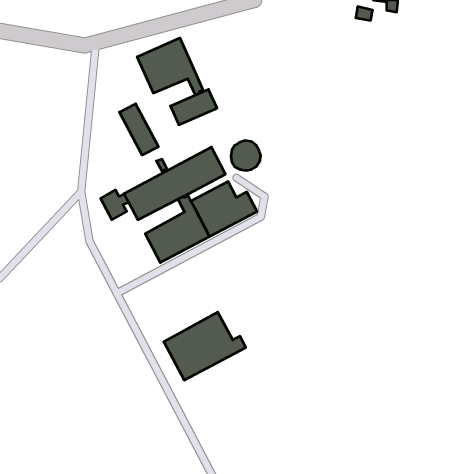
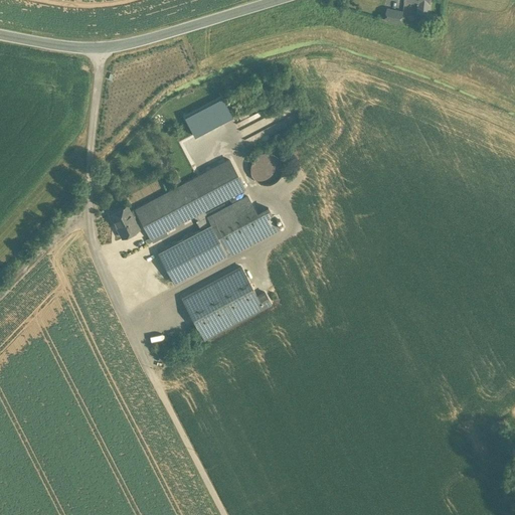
building: [137,38,203,95] -> none
building: [119,104,158,155] -> none
building: [164,312,246,380] -> [181,268,270,341]

